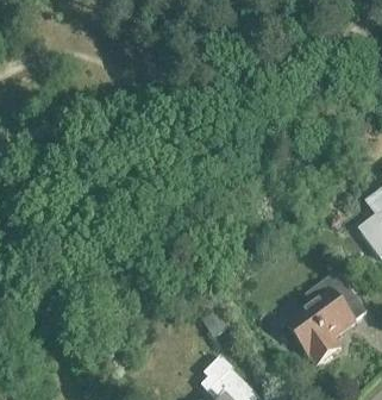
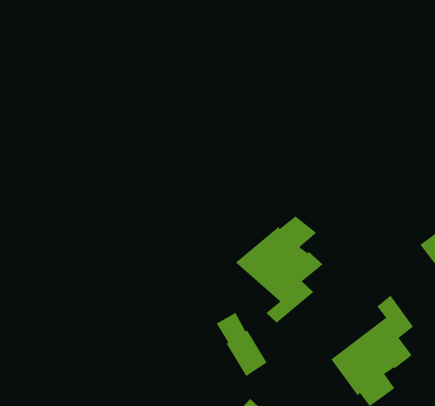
building: none -> [235,215,324,324]

